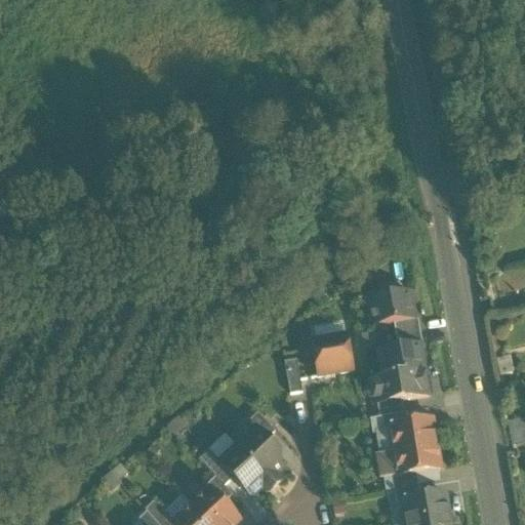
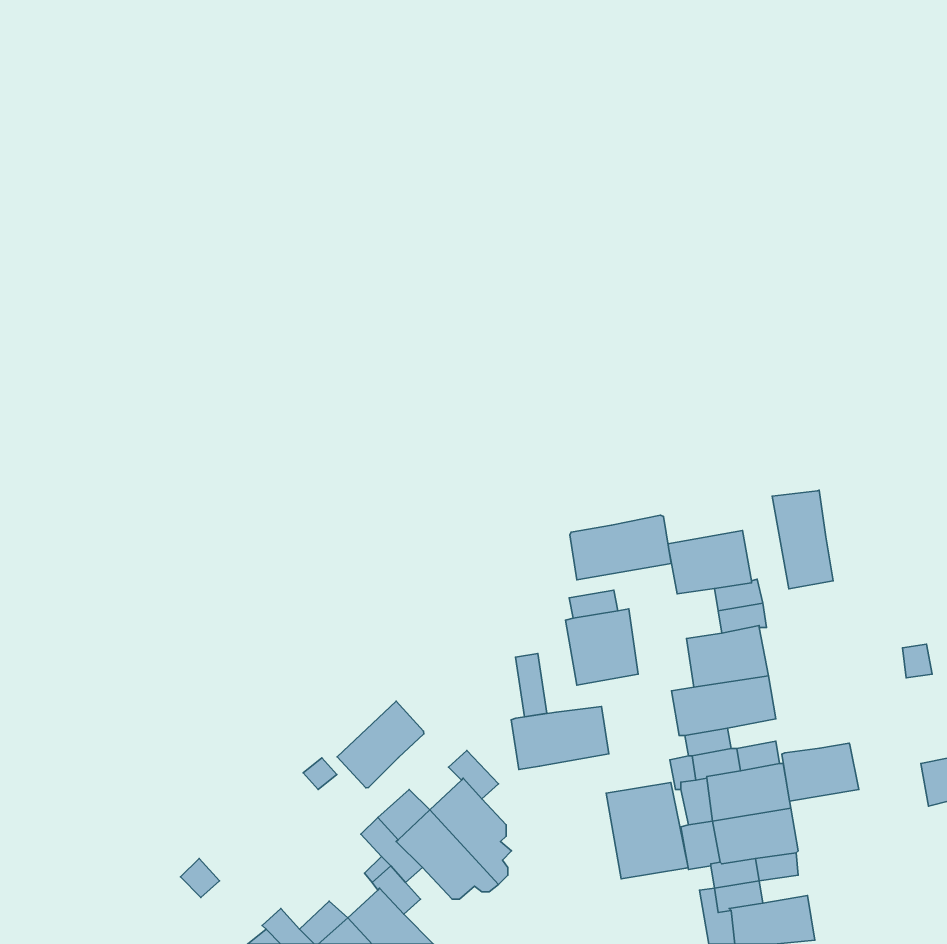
building: none -> [772,490,833,589]
building: none -> [570,515,671,580]
building: none -> [337,701,424,788]
building: none -> [511,706,609,769]
building: none -> [782,743,859,801]
building: none -> [606,782,688,879]

